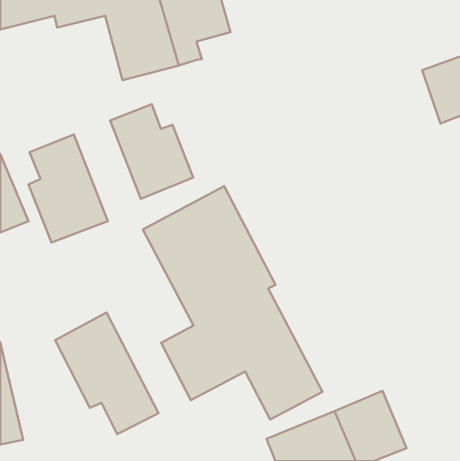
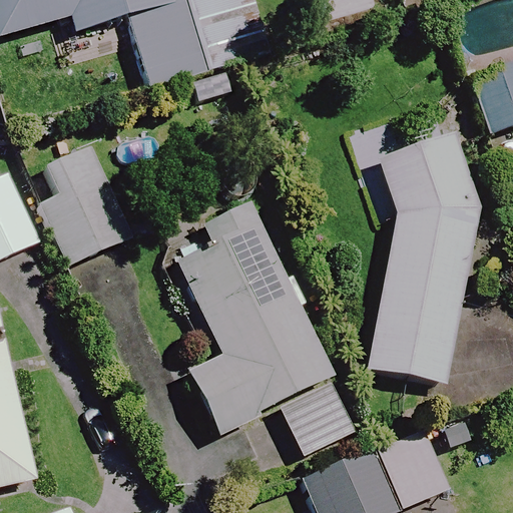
building: [110,104,193,199] -> none
building: none -> [368,132,477,383]
building: [55,312,158,434] -> none

